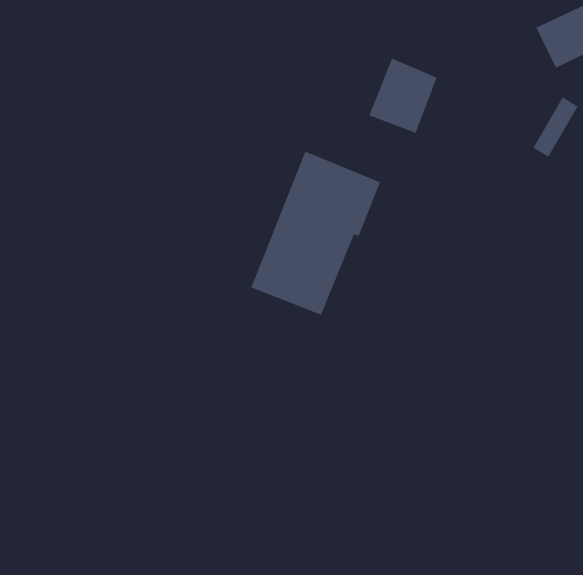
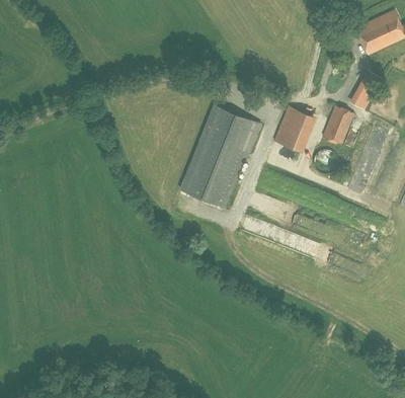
building: [368,58,438,134] -> [273,105,316,152]
building: none -> [323,105,353,144]

